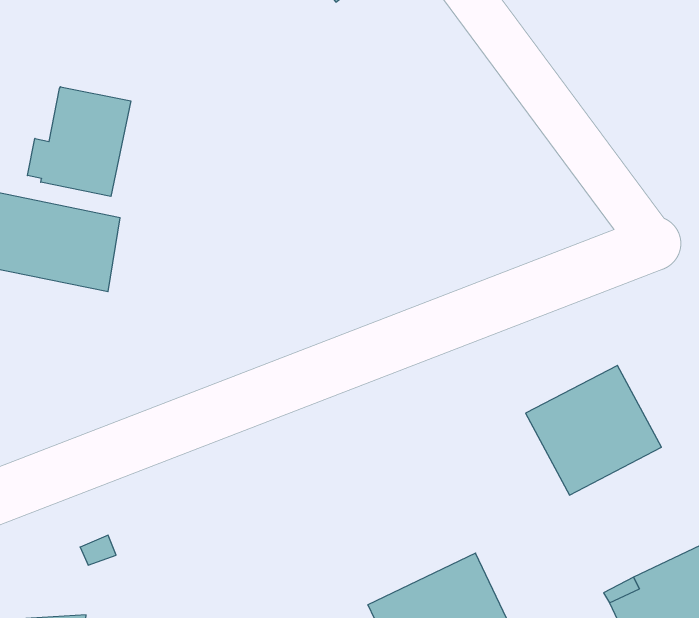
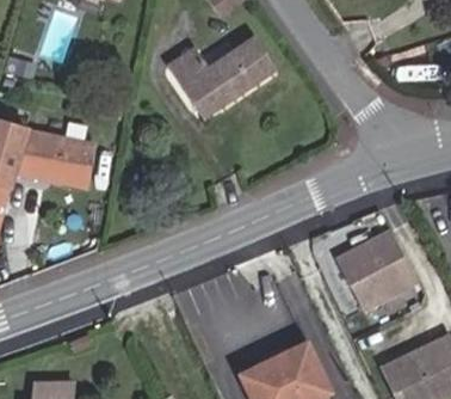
building: none -> [167,35,277,121]
building: [27,87,131,196] -> none

